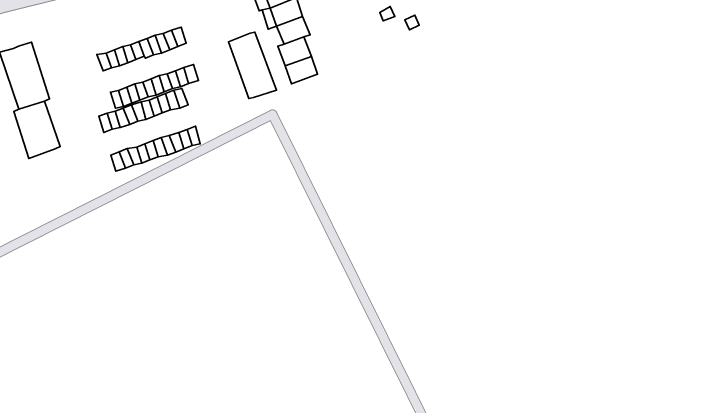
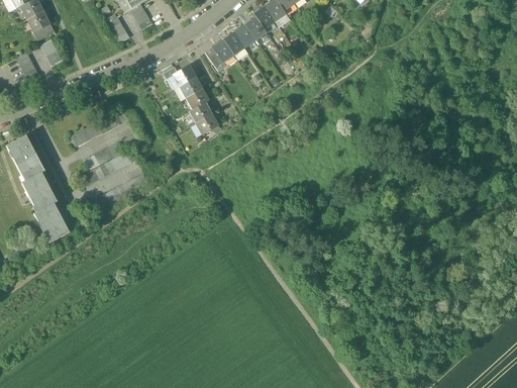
building: [228,32,276,99] -> none
building: none -> [34,202,70,241]

